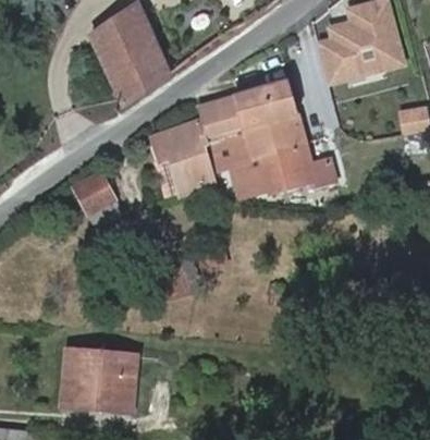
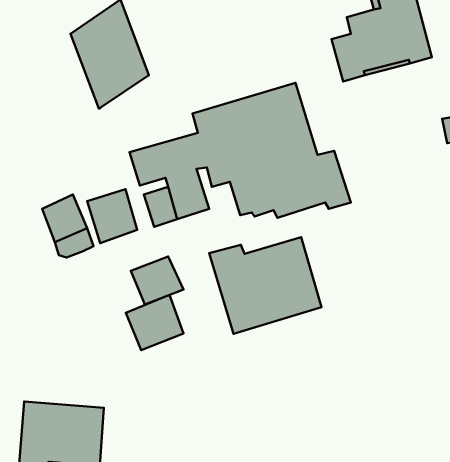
building: none -> [87,189,137,243]
building: none -> [209,237,321,334]
building: none -> [131,256,183,305]

